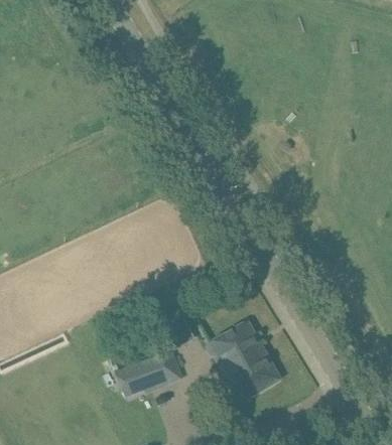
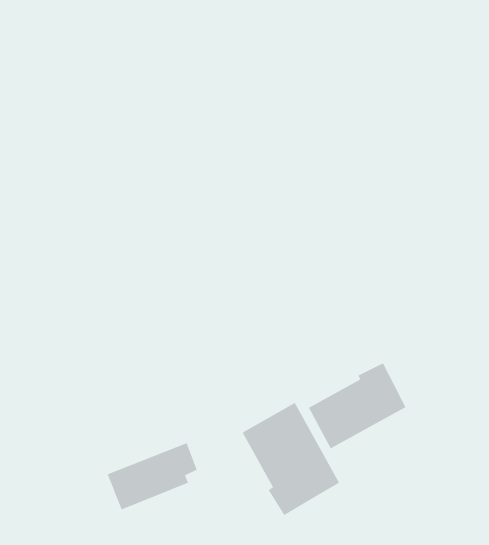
building: none -> [308,362,406,449]

